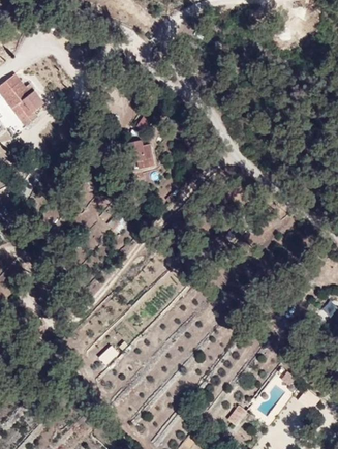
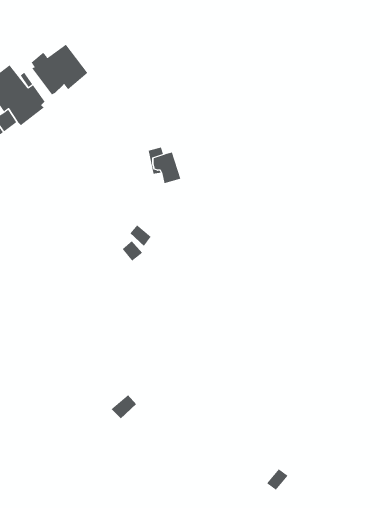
building: none -> [31,44,88,95]

